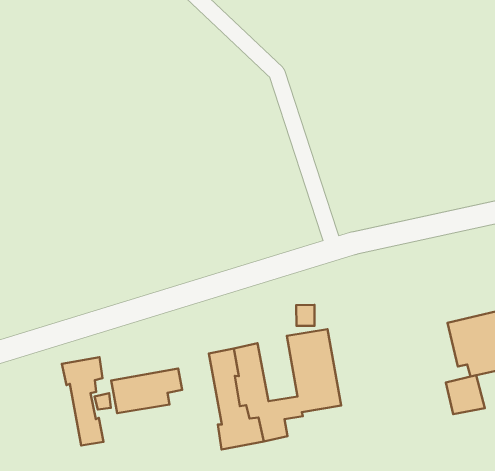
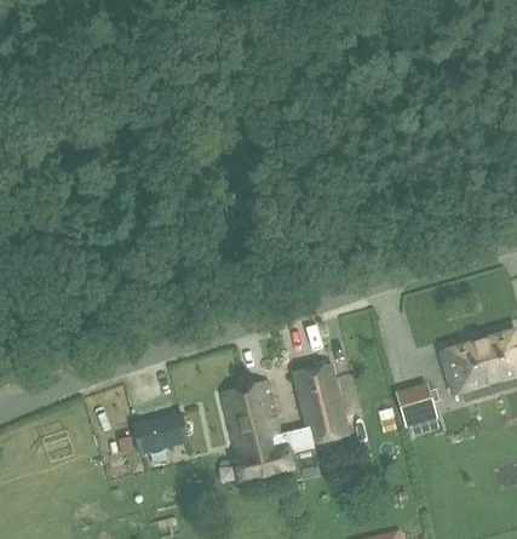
building: [62,357,103,445] -> none
building: [446,375,485,414] -> [397,385,435,423]

